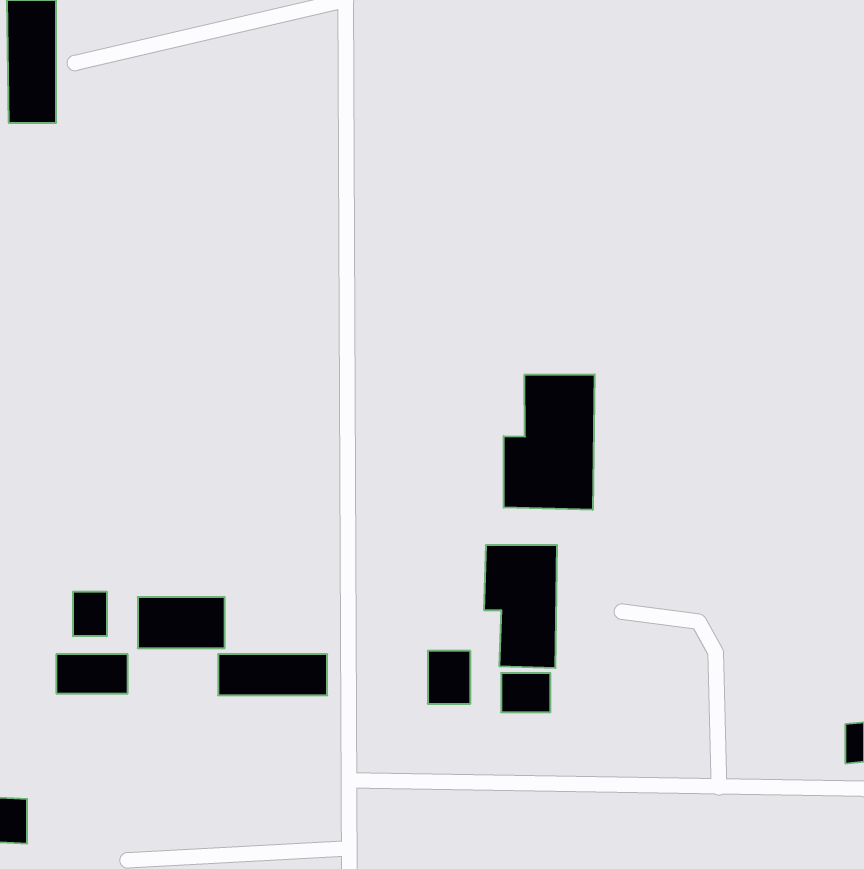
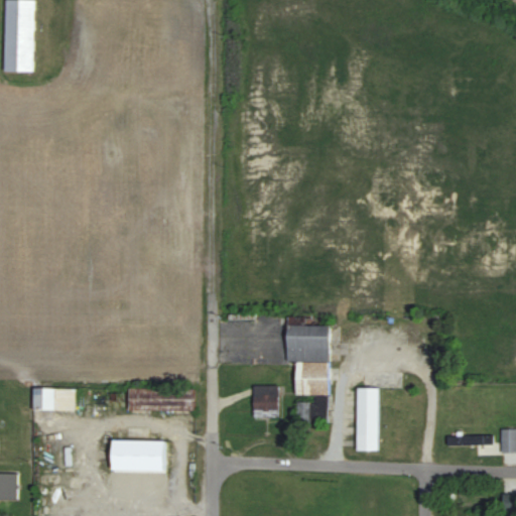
building: [504,374,595,510] -> none
building: [73,592,107,636] -> none
building: [138,597,225,648] -> [113,441,164,472]
building: none -> [357,387,378,450]

